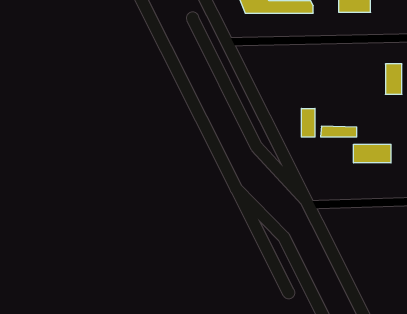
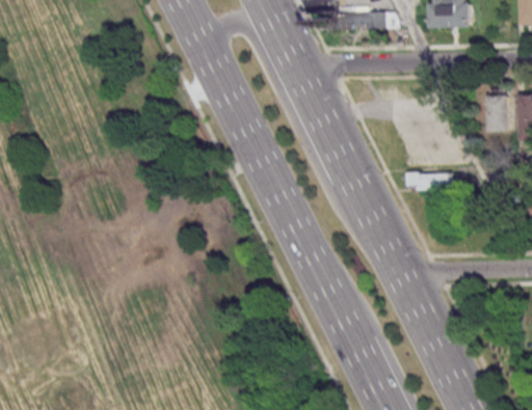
building: [301,108,315,137] -> none
building: [354,144,391,163] -> none

